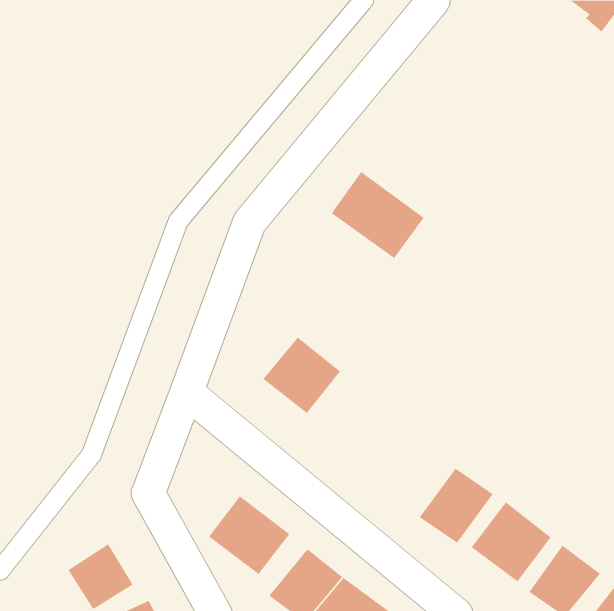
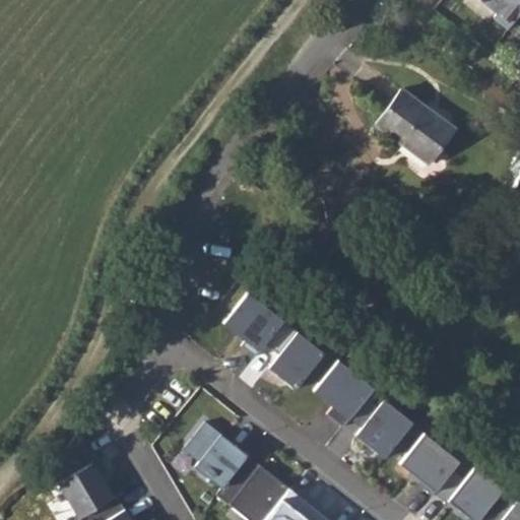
building: [331,171,425,259] -> [376,90,455,165]
building: none -> [270,334,324,391]
building: none -> [315,359,376,431]

